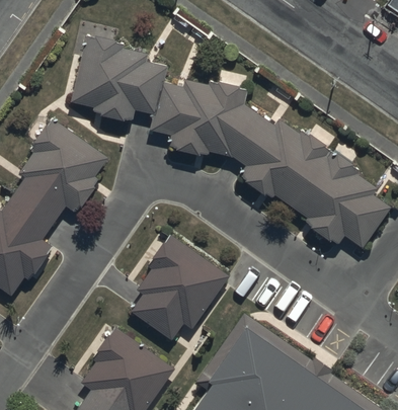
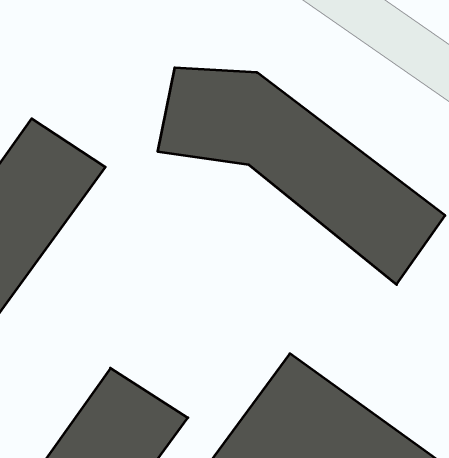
building: [70,32,167,125] -> none
building: [130,235,225,343] -> none

